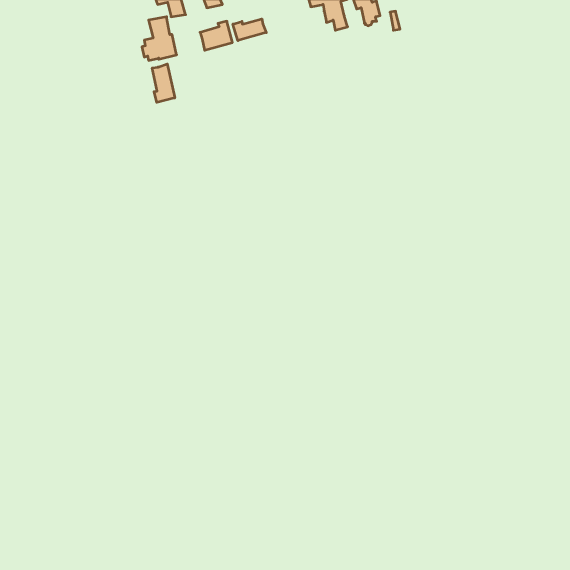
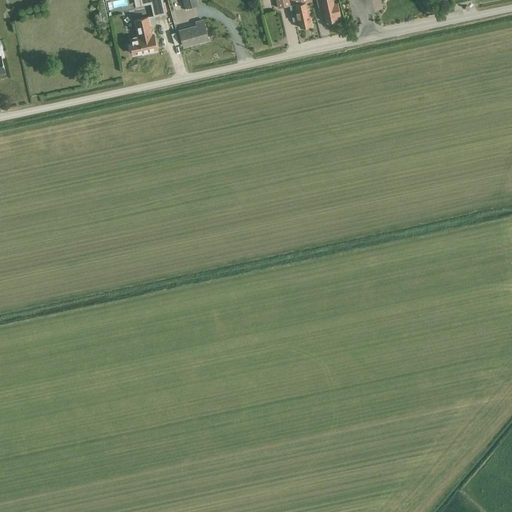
building: [233,19,266,41] -> none
building: [152,64,175,102] -> none

